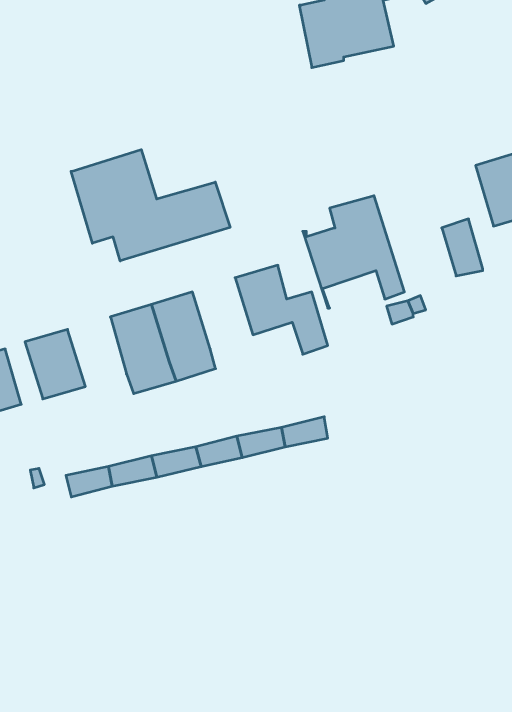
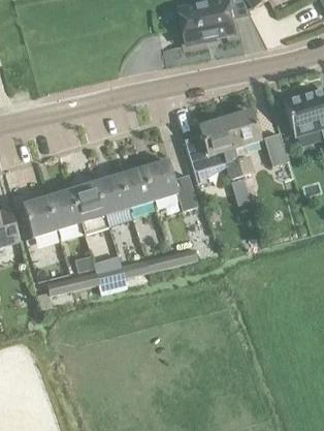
building: [71,150,230,261] -> none
building: none -> [224,111,259,175]
building: none -> [119,166,154,208]
building: none -> [46,189,80,229]

